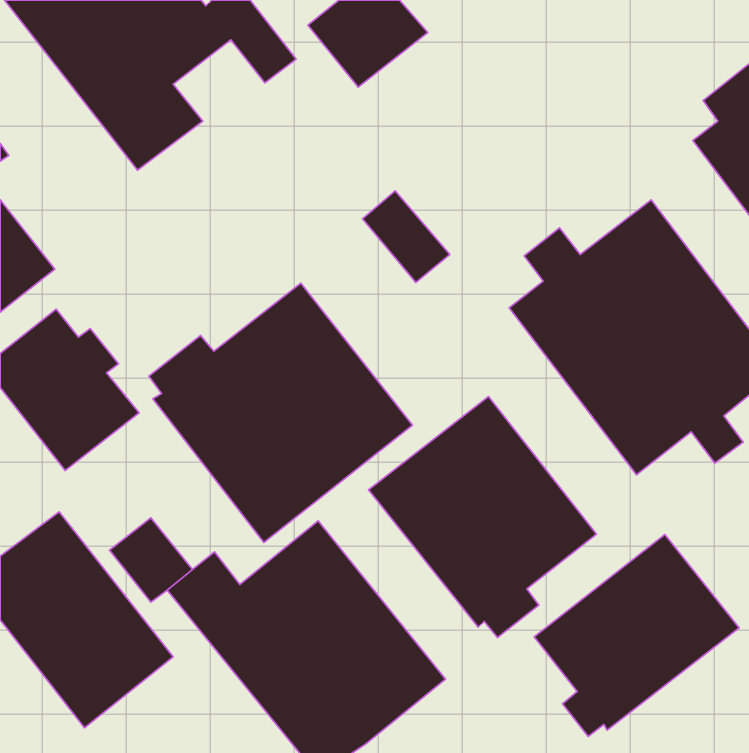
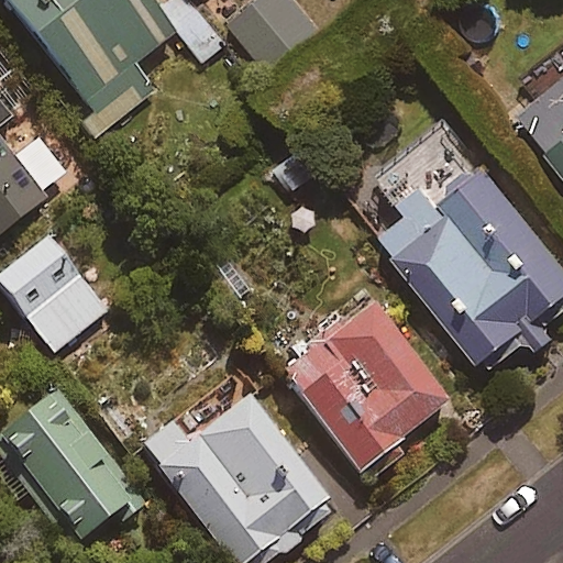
building: [149,283,412,543] -> none
building: [534,534,739,736] -> none

